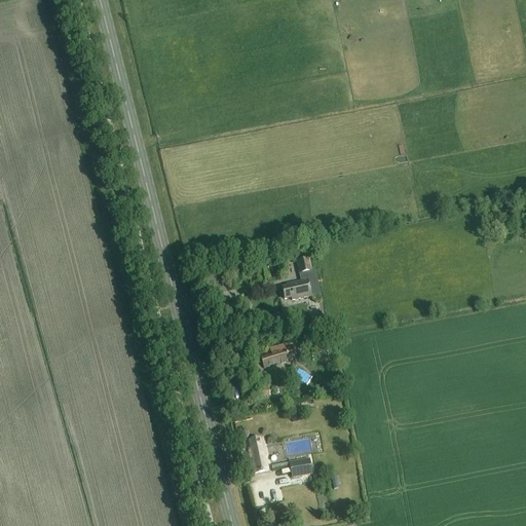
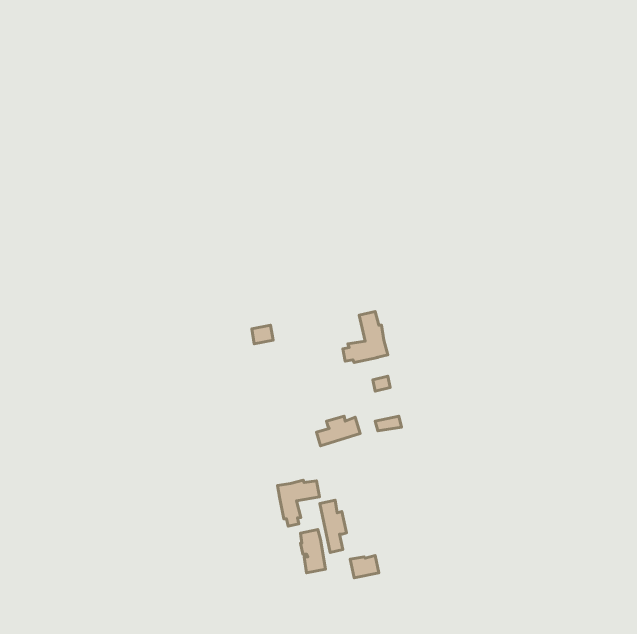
building: none -> [277,480,319,526]
building: none -> [320,500,347,553]

